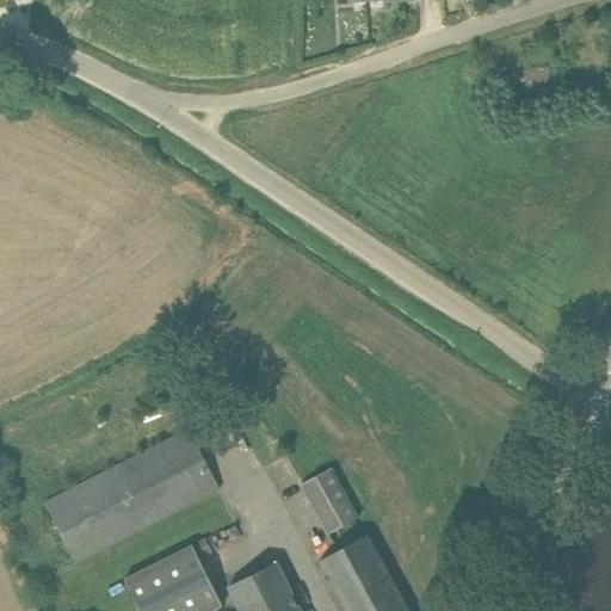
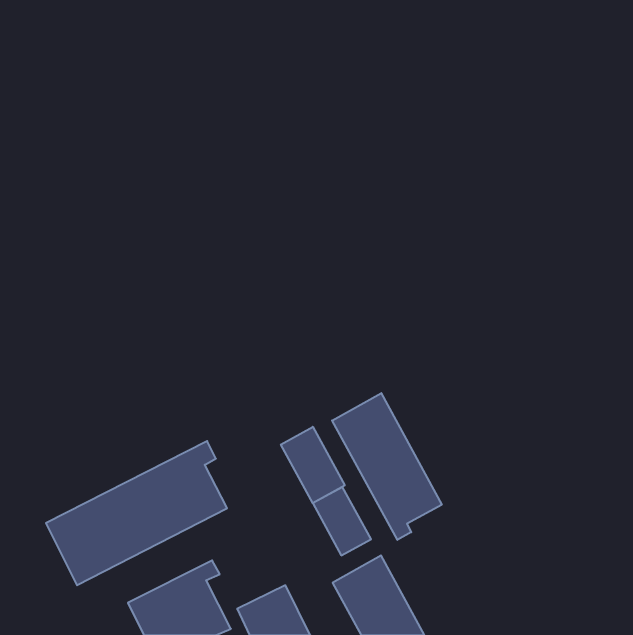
building: none -> [332,393,442,540]
building: none -> [281,427,345,503]

